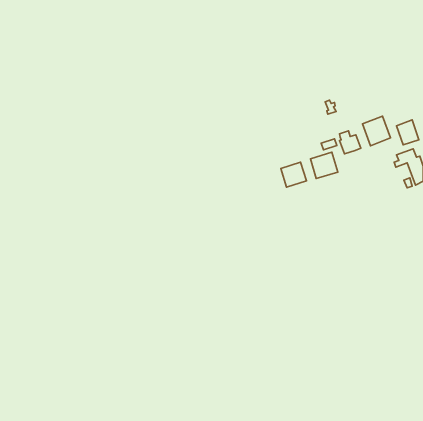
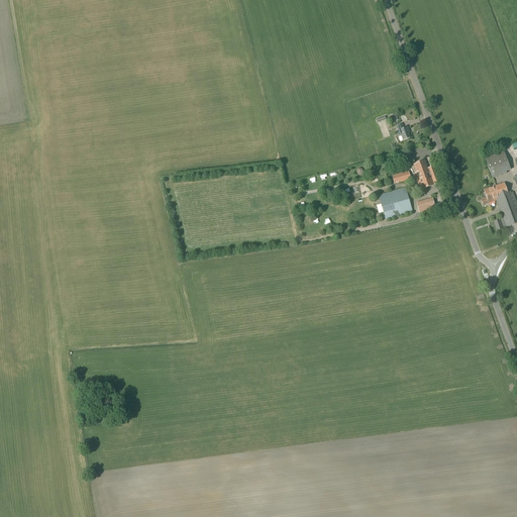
building: [362,116,391,146] -> none
building: [281,162,306,187] -> none

